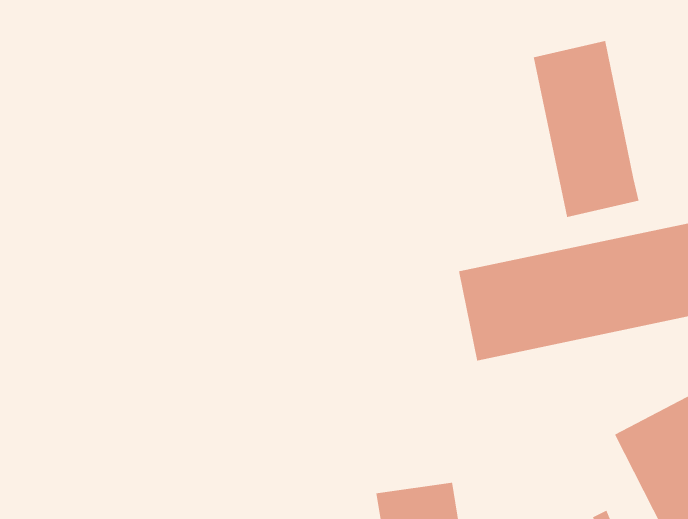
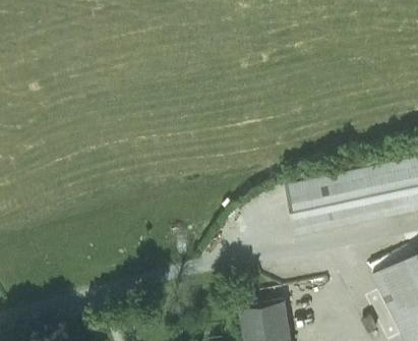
building: [533,40,639,218] -> none

